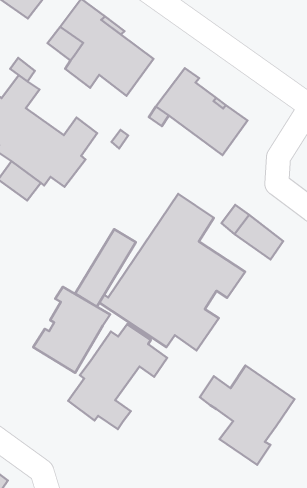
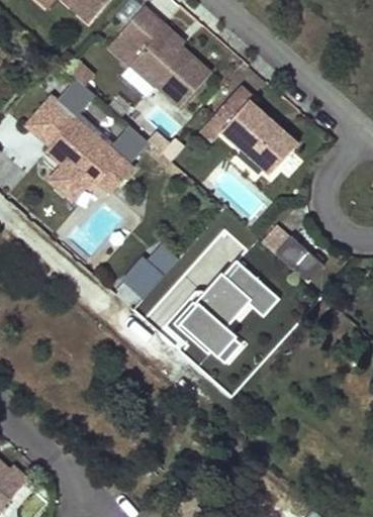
building: [33,287,110,373] -> none
building: [68,324,167,429] -> none
building: [200,365,295,465] -> none

